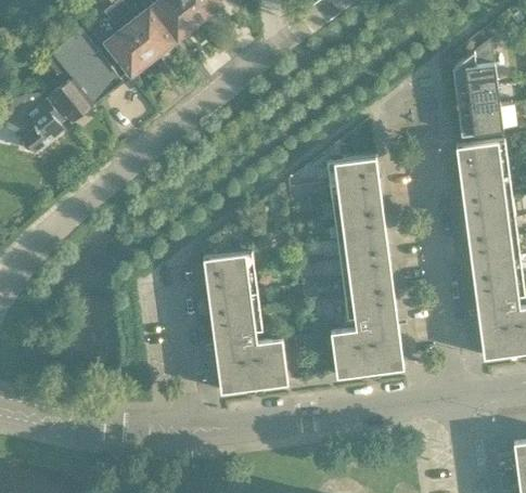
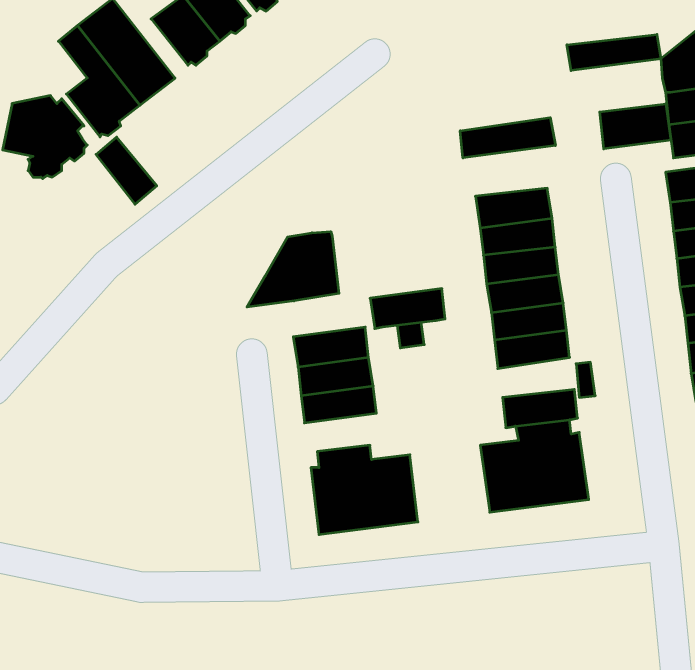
building: none -> [567,34,661,71]
building: none -> [600,104,671,149]
building: none -> [460,118,555,158]
building: none -> [96,137,157,204]
building: none -> [247,232,339,307]
building: [342,274,394,301] -> none
building: [210,312,261,339] -> [370,289,445,329]

